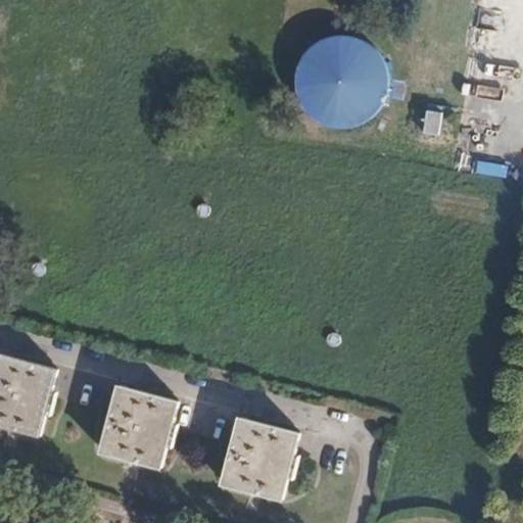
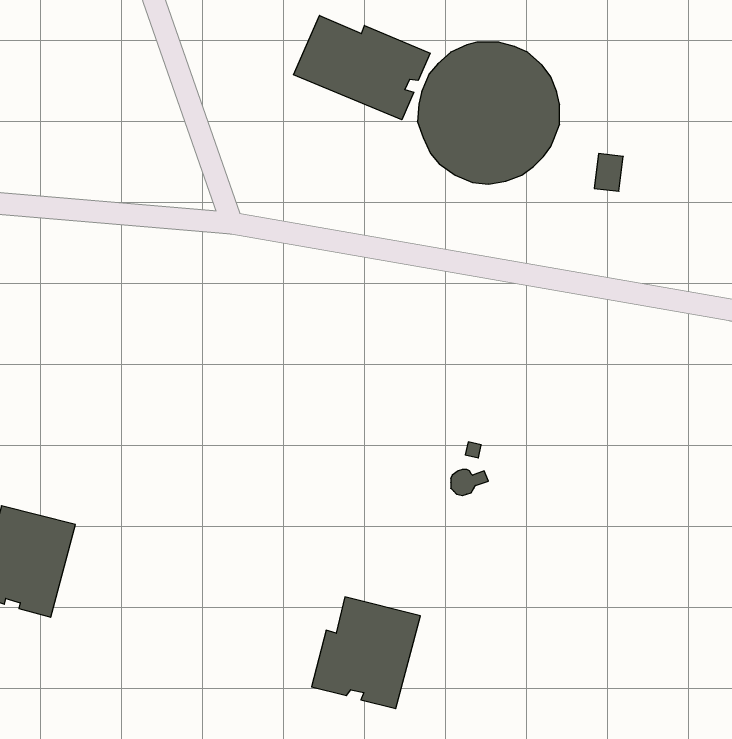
building: none -> [293,15,430,120]
building: [99,389,176,468] -> none

